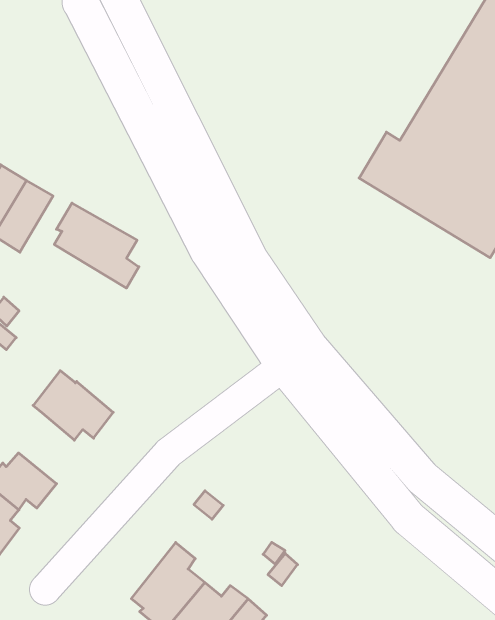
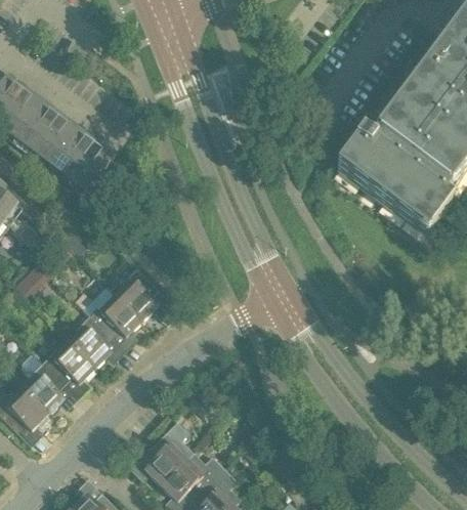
building: [54,203,139,288] -> none
building: none -> [116,265,165,318]
building: none -> [68,313,110,367]

